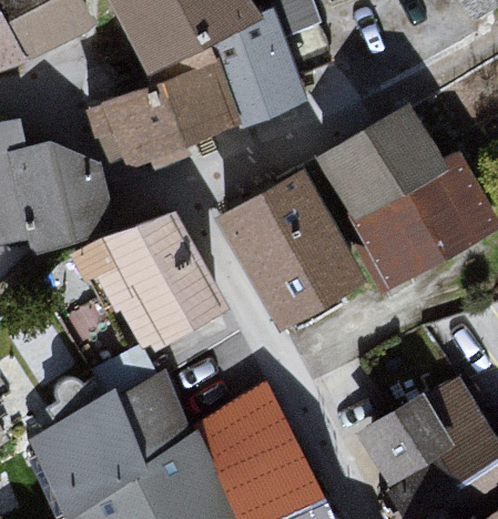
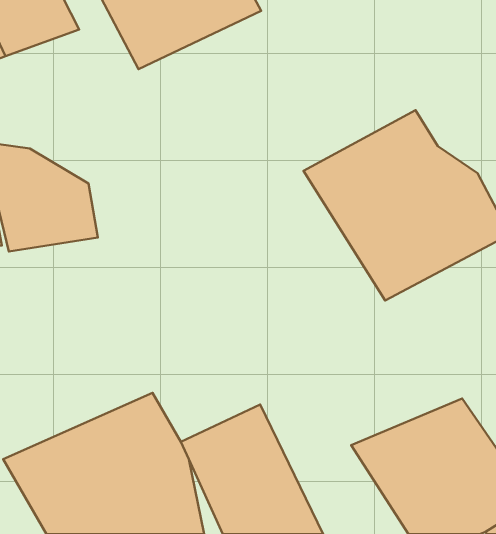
building: [99,16,303,170] -> none
building: [215,167,384,327] -> none
building: [70,208,223,347] -> none

